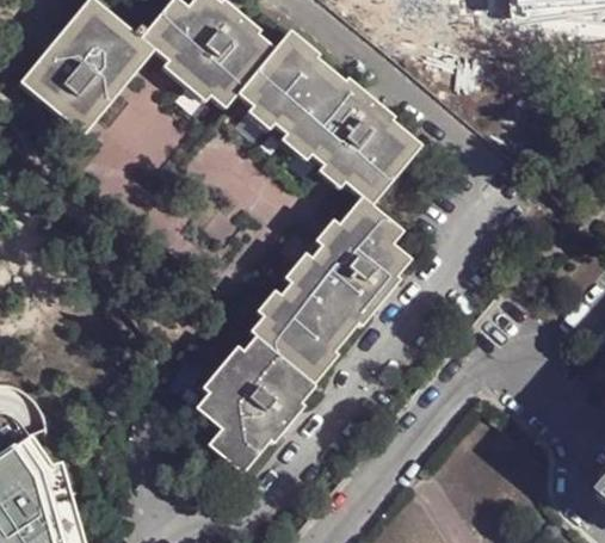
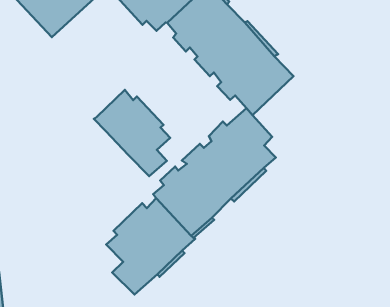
building: none -> [94,90,170,176]

